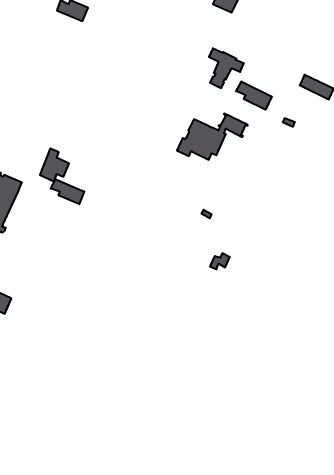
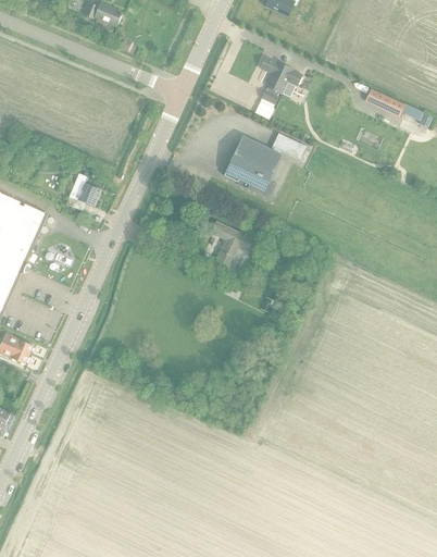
building: [236,81,272,110] -> none
building: [51,179,84,204] -> none
building: none -> [209,222,252,268]

